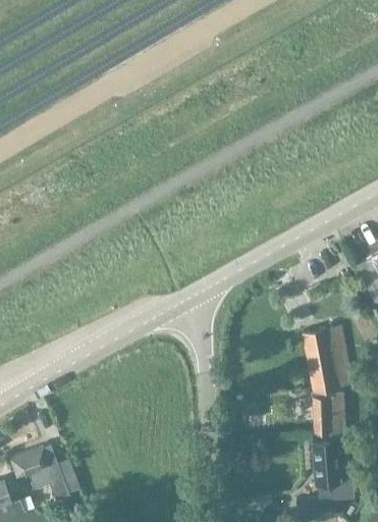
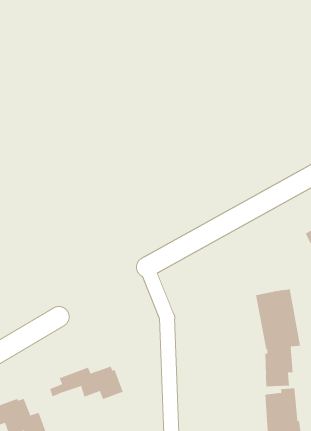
building: none -> [49,366,124,400]

